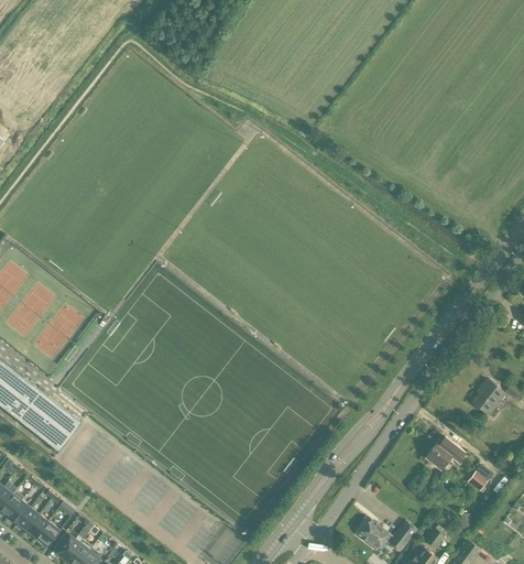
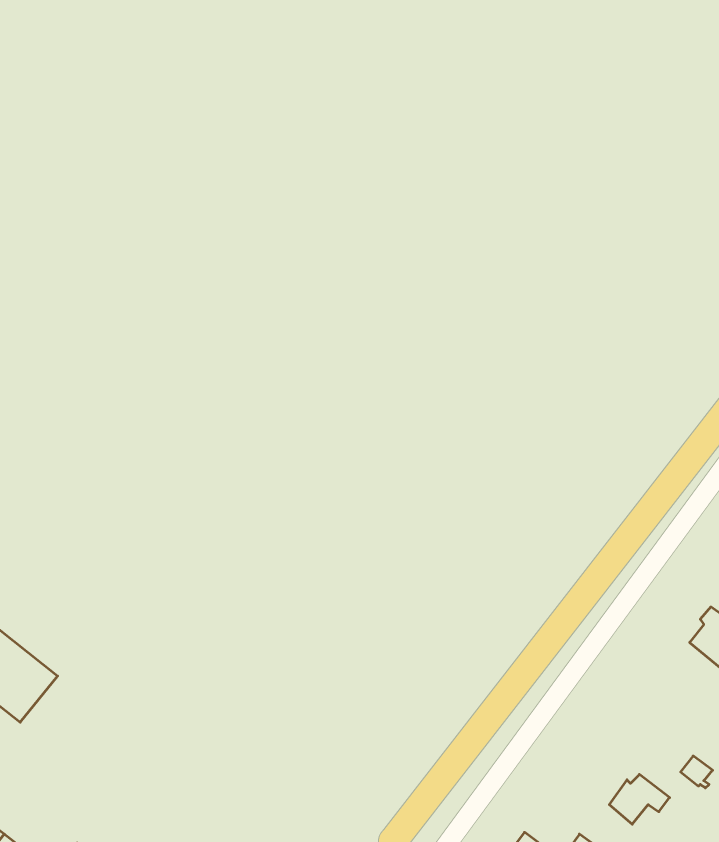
building: [426,438,463,469] -> [609,774,670,824]

